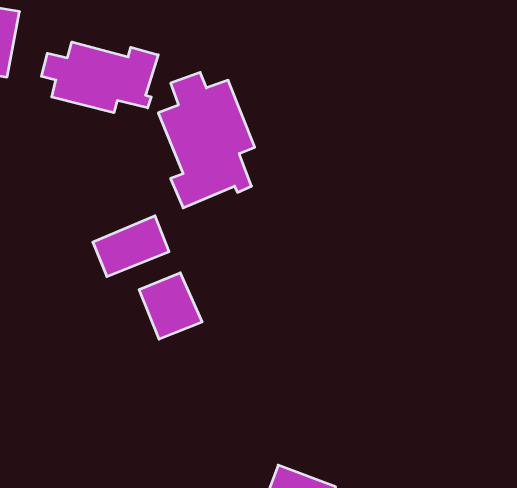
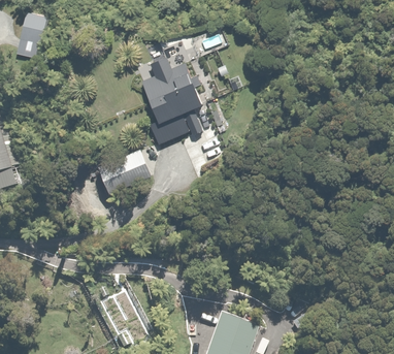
building: [41,42,158,113] -> none
building: [139,273,202,339] -> none

